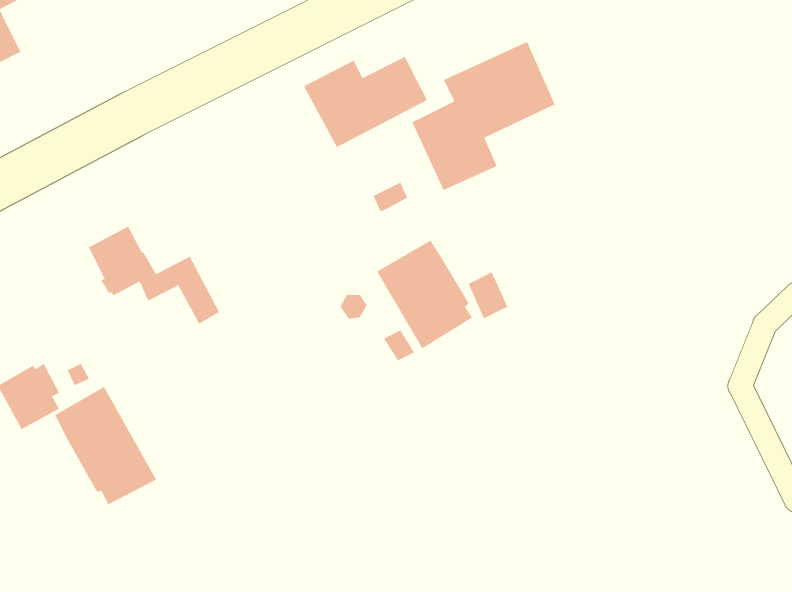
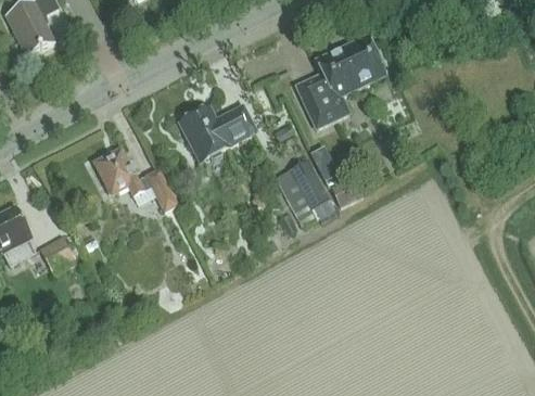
building: [303,56,428,148] -> [178,105,255,162]
building: [54,386,157,505] -> none

